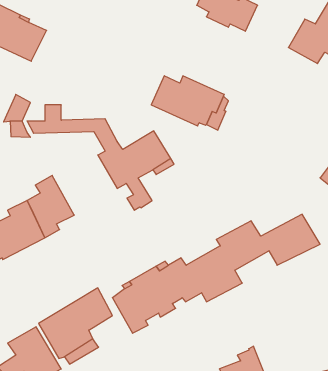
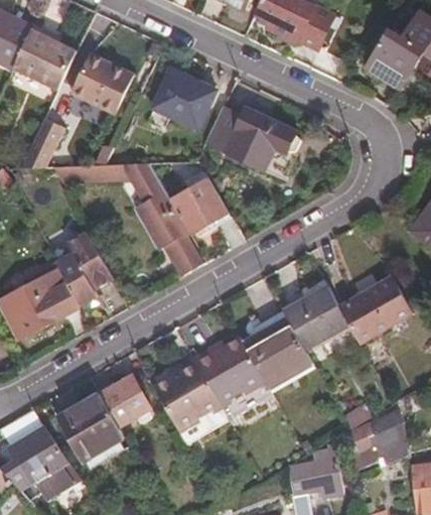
building: none -> [68,52,132,114]
building: none -> [151,70,213,127]
building: none -> [344,410,405,468]

